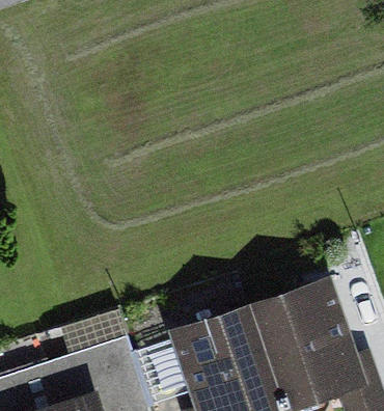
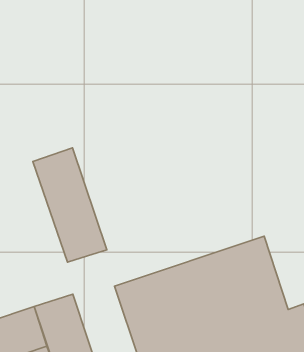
building: none -> [33,148,107,262]

